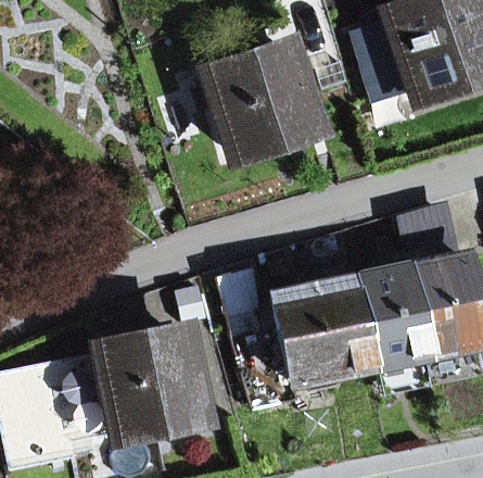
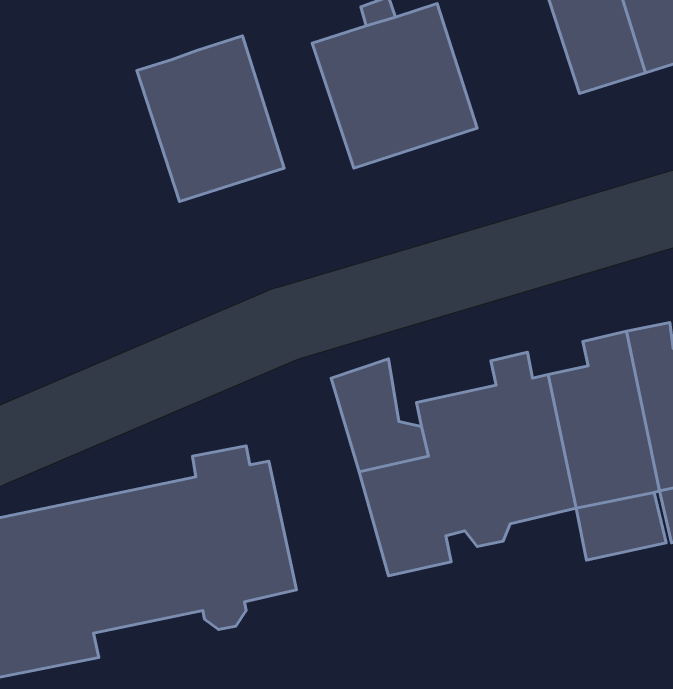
building: none -> [137,36,284,202]

